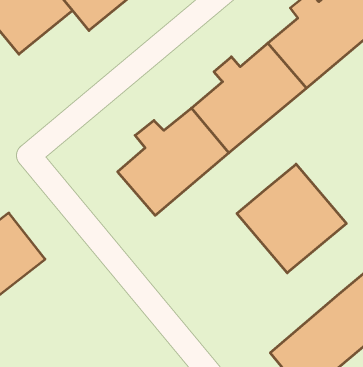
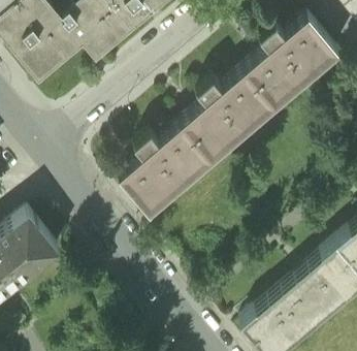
building: [237,164,346,273] -> none

